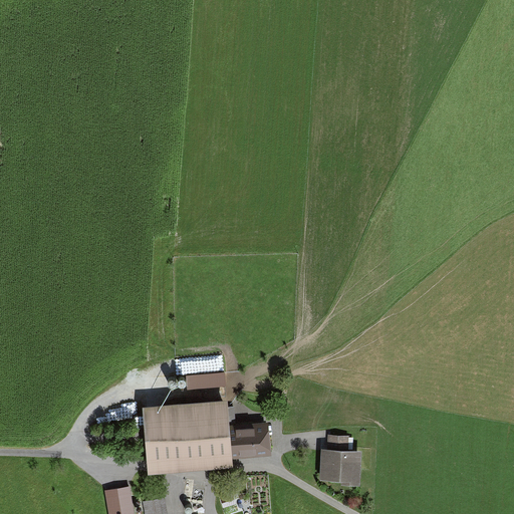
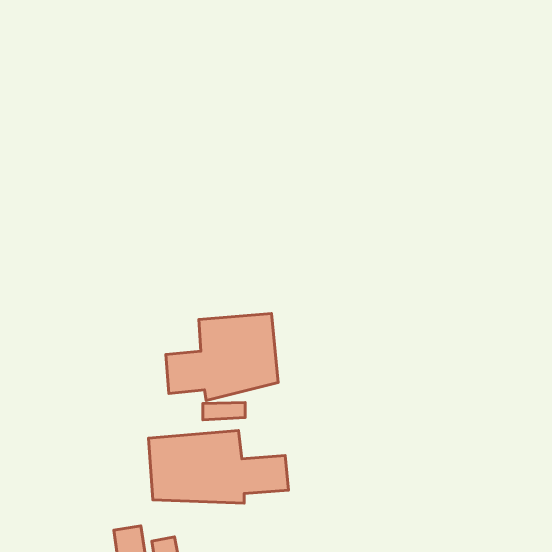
building: none -> [166,313,278,401]
building: [320,438,359,484] -> none

